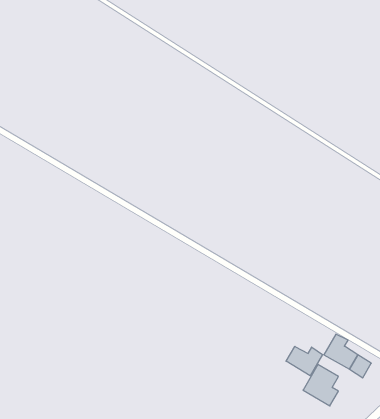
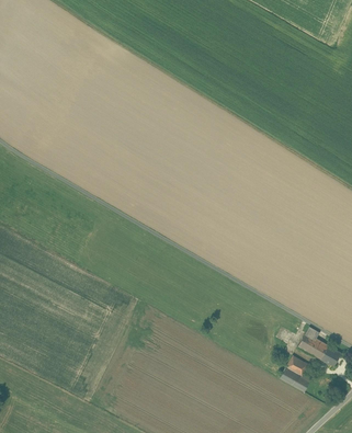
building: [286,346,322,376] -> none

